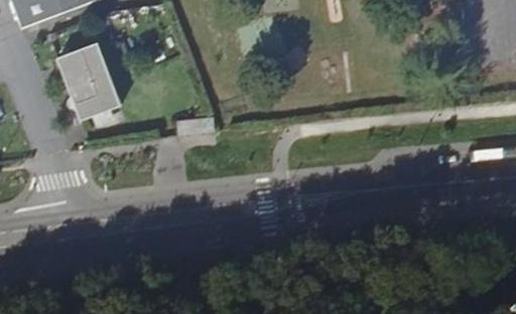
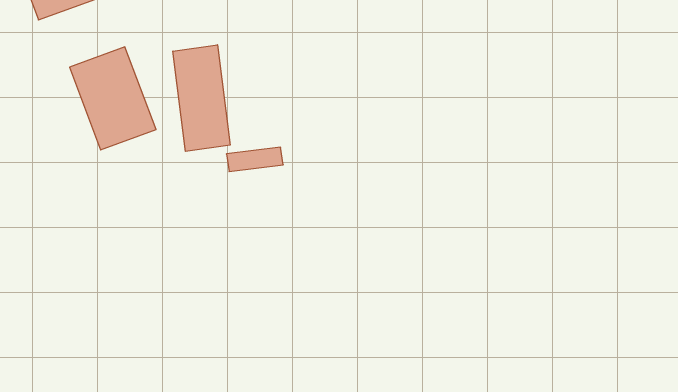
building: none -> [173,45,230,151]

